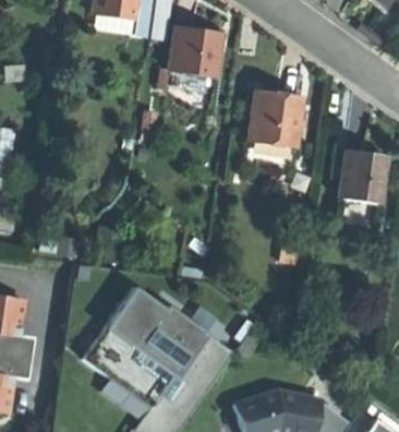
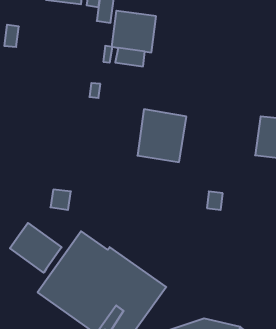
building: [246,87,304,149] -> [137,109,186,162]
building: none -> [10,223,62,273]

